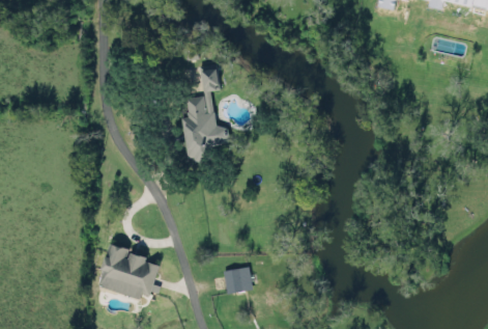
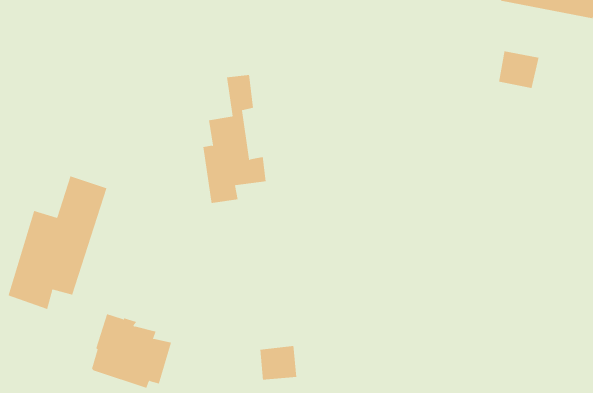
building: none -> [498,50,539,89]
building: none -> [8,175,107,310]

